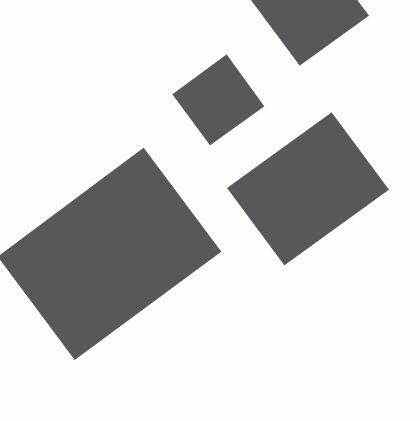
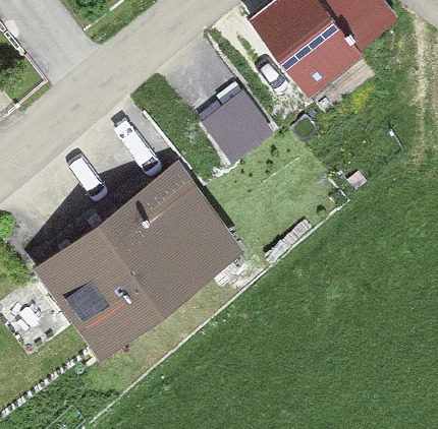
building: [226,111,390,266] -> none

